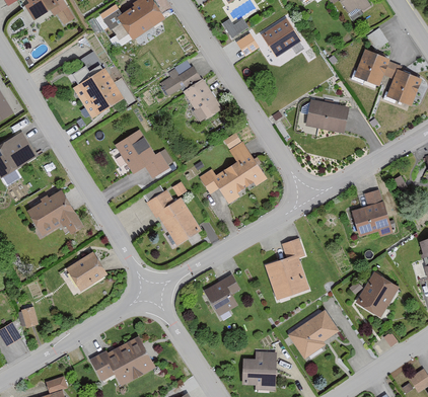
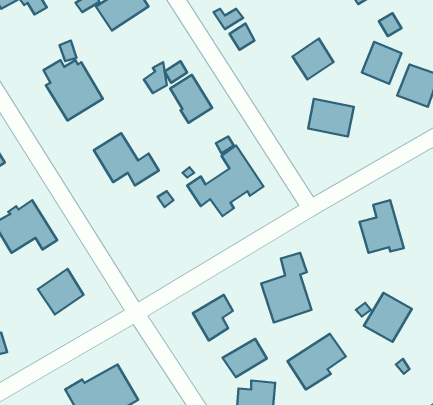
building: [263,19,299,56] -> [293,38,334,79]
building: [143,186,202,246] -> none
building: none -> [223,339,267,377]

